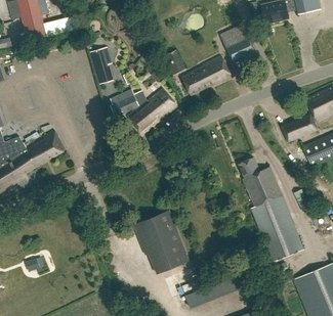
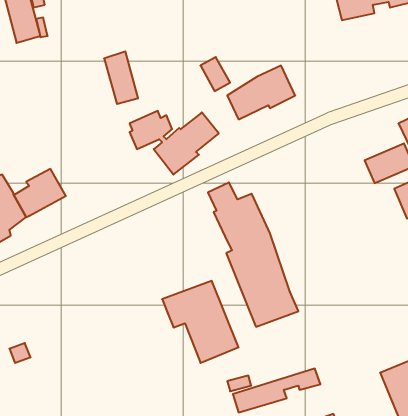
building: [219,24,254,60] -> none
building: [238,157,303,262] -> [208,182,298,327]

